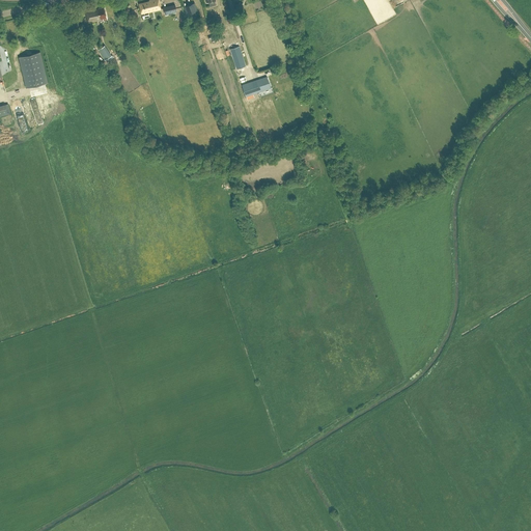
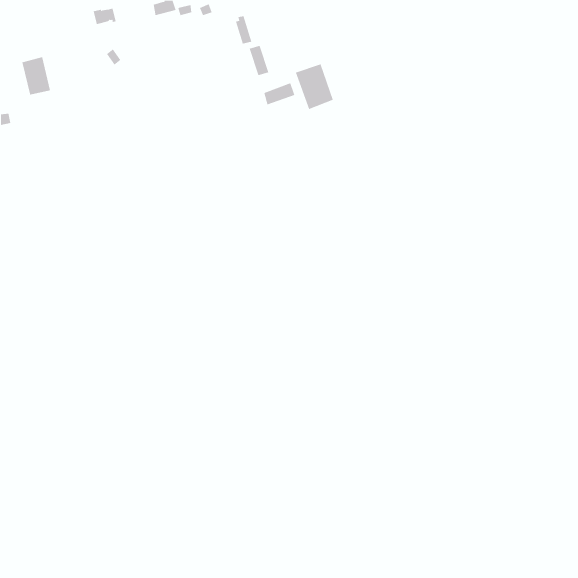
building: none -> [295,64,334,110]

